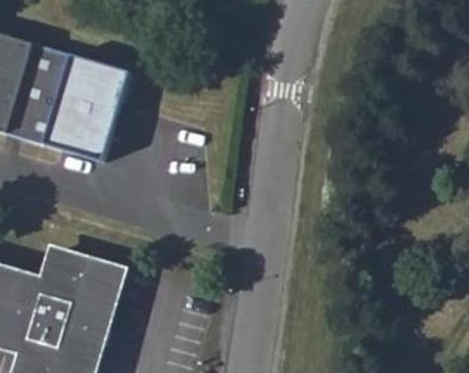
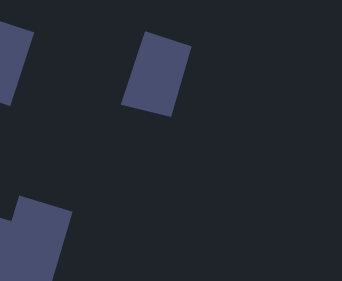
building: [40,52,130,160] -> [120,30,192,118]

